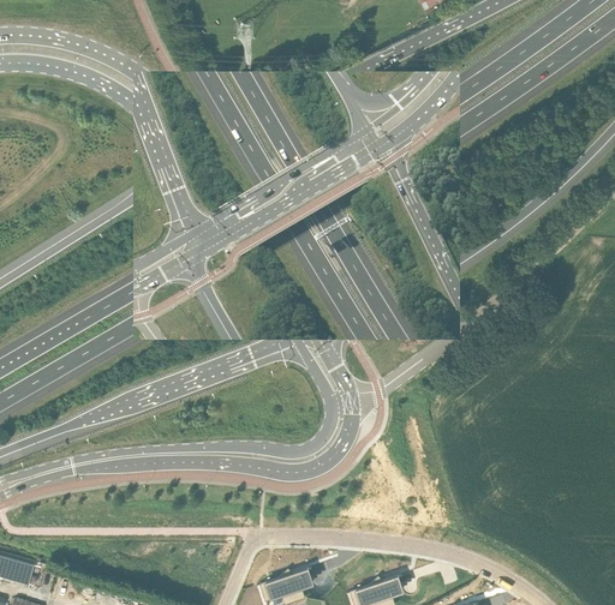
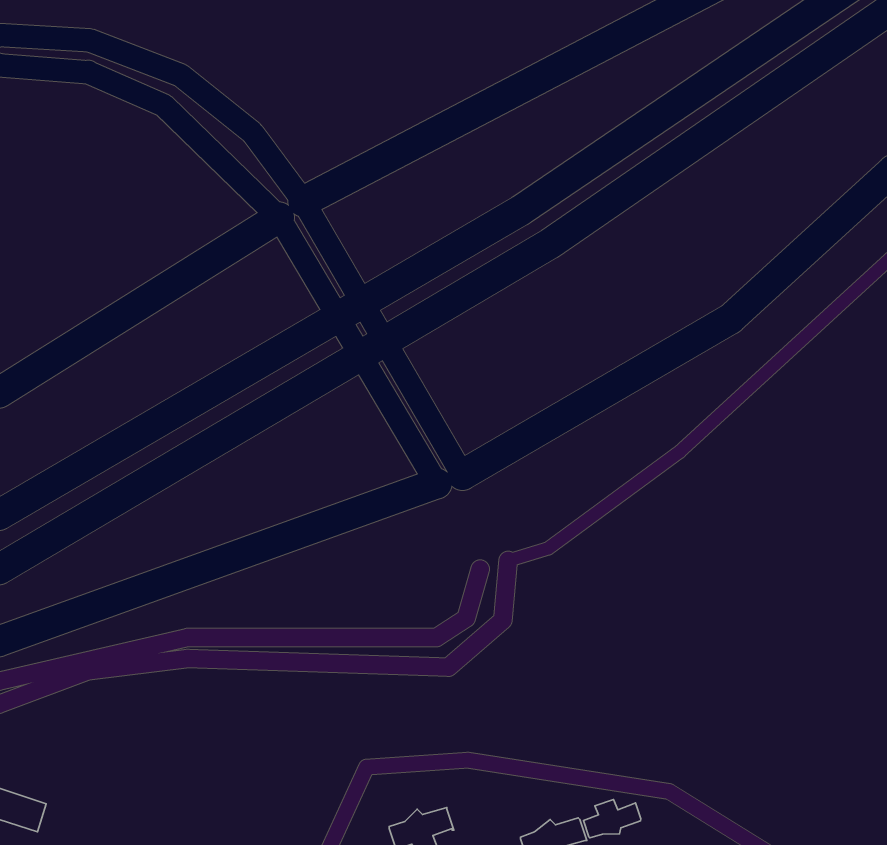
building: none -> [583,800,641,838]

